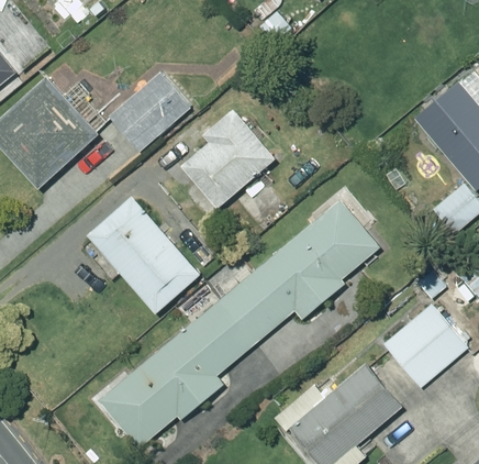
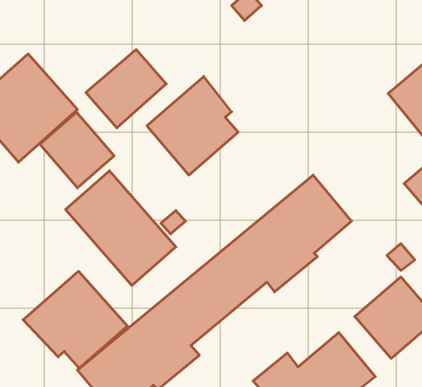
building: none -> [40,112,114,188]
building: none -> [23,271,127,368]

